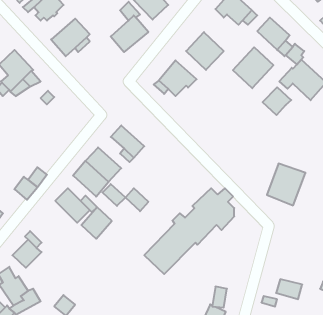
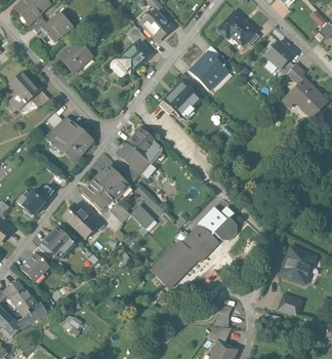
building: [233,47,273,88] -> none
building: [263,87,291,115] -> none
building: none -> [46,114,95,163]
building: none -> [127,129,162,163]
building: [267,164,306,205] -> [279,243,317,284]
building: [81,207,112,239] -> [41,227,71,257]

